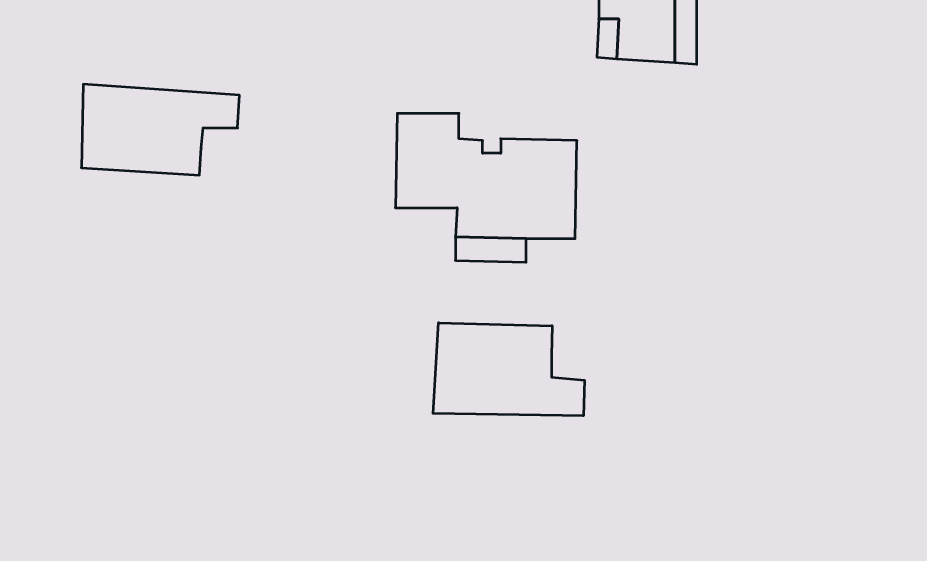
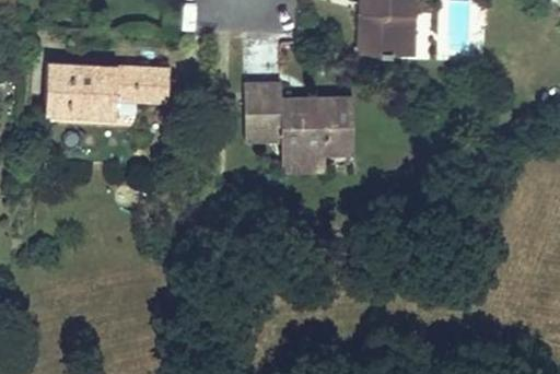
building: none -> [121,70,173,105]
building: [433,323,584,416] -> none

